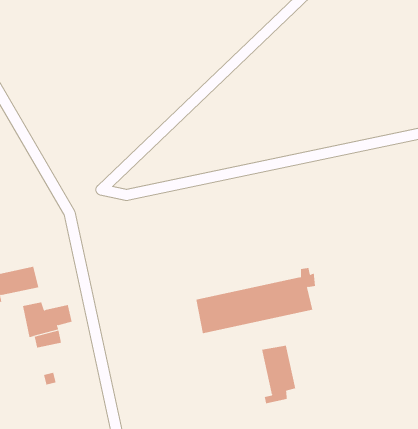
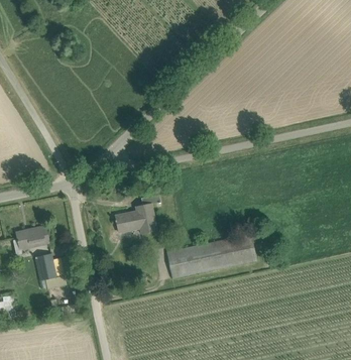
building: none -> [114,194,160,232]
building: [262,345,296,404] -> none

